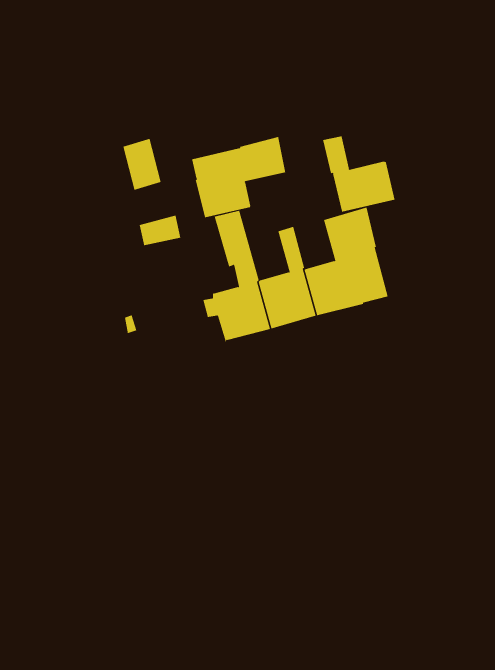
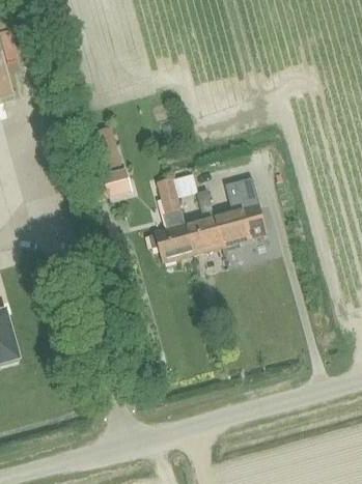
building: [323,135,395,213] -> none
building: [192,136,286,218] -> none

